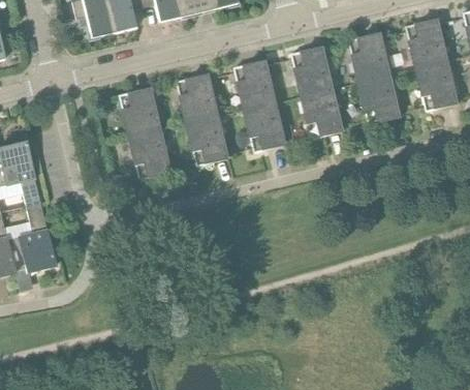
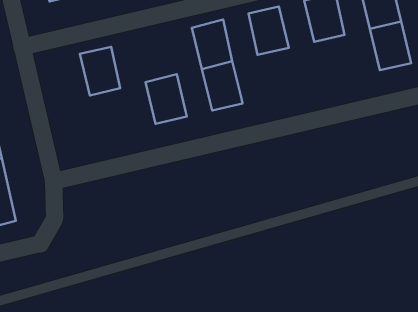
building: [177,72,218,122] -> none
building: [358,73,400,123] -> none
building: [301,87,343,138] -> none
building: [129,128,170,178] -> none

